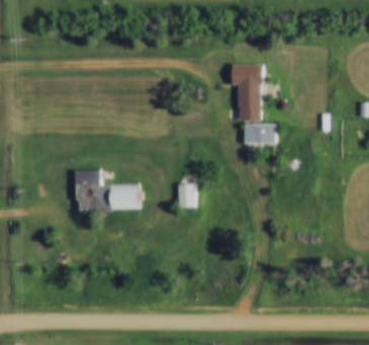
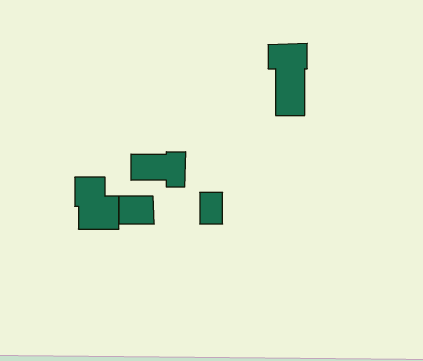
building: [244,123,276,144] -> none
building: none -> [131,152,186,187]

